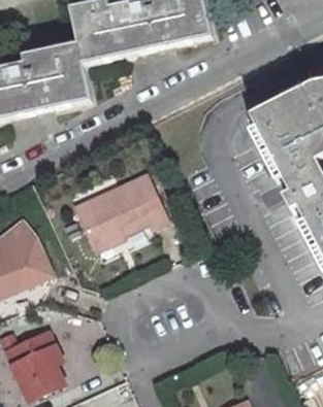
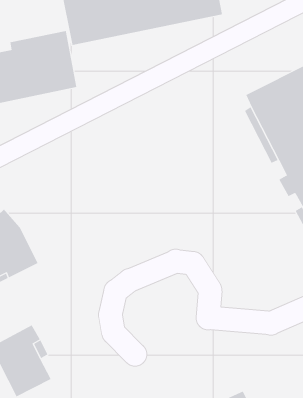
building: [74,174,165,246] -> none

